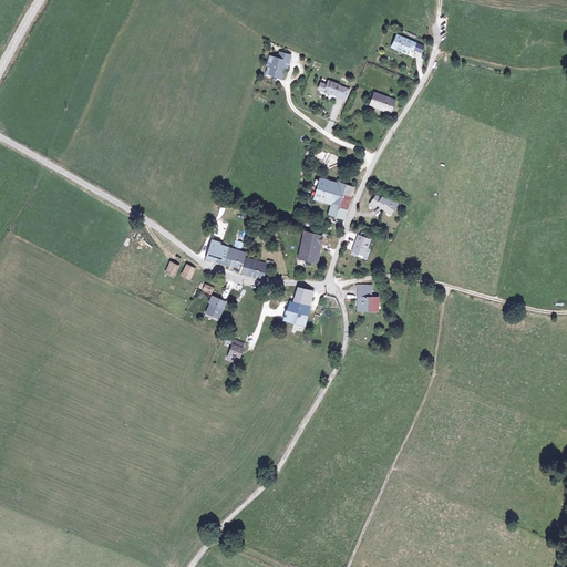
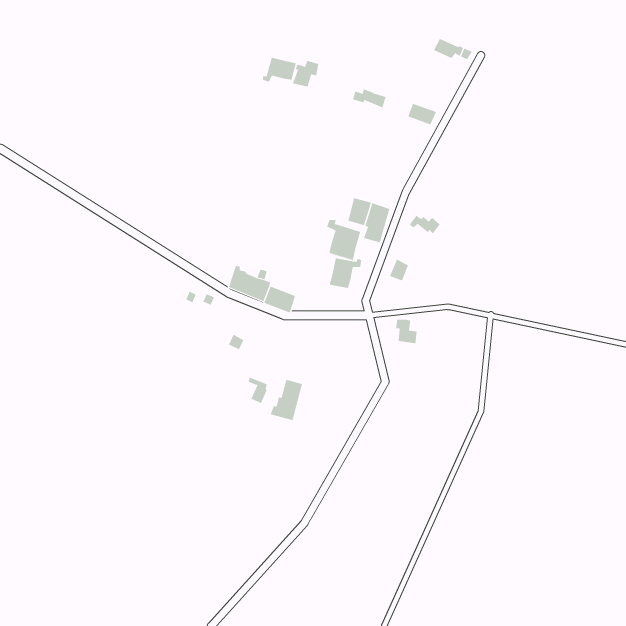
building: none -> [263,57,297,82]
building: none -> [327,219,361,261]
building: [284,287,313,324] -> [270,379,303,421]

